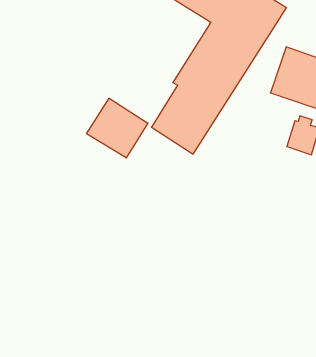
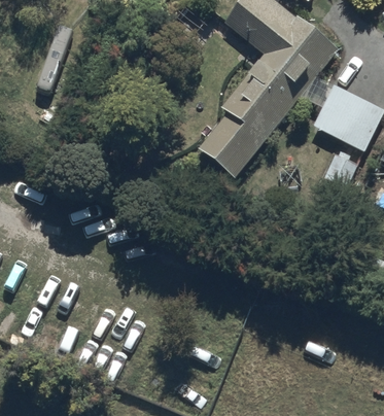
building: [87,98,148,158] -> none

